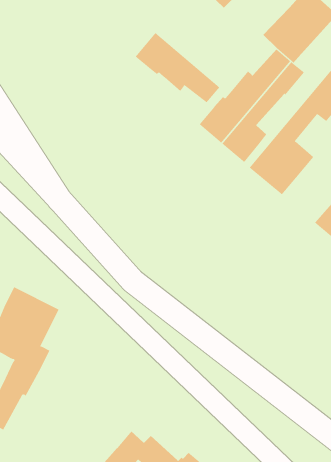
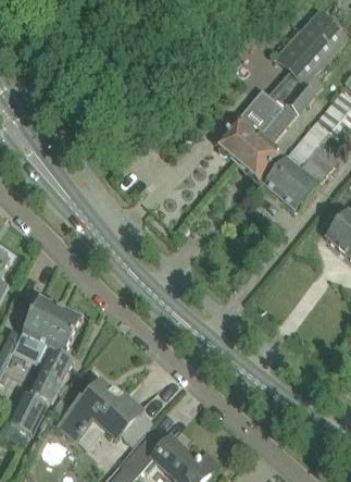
building: [135,32,220,103] -> none
building: none -> [59,382,153,447]

